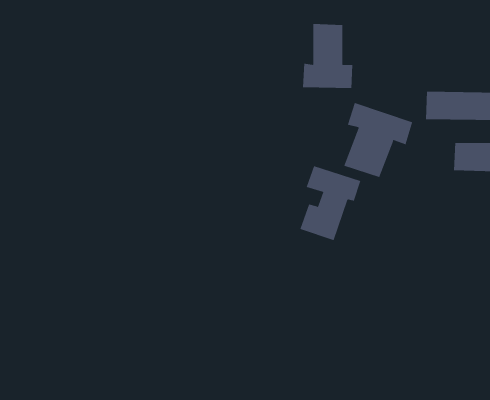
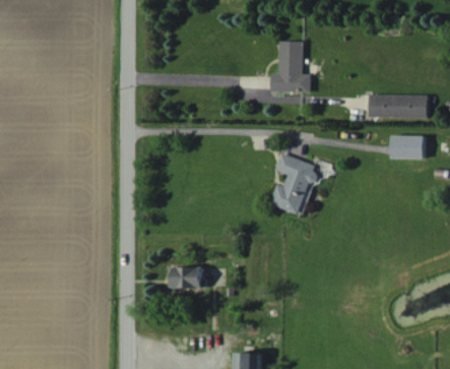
building: [344,102,413,178] -> none
building: none -> [168,266,202,288]

